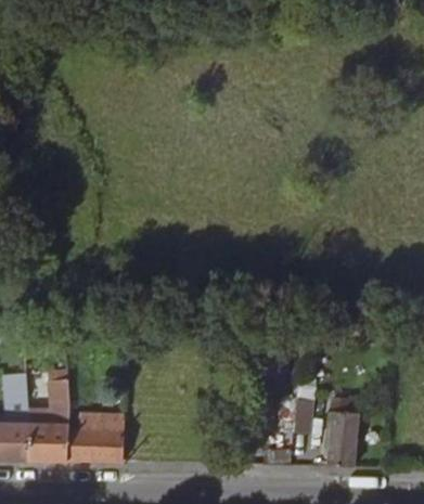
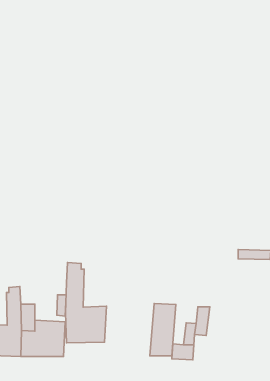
building: none -> [65,263,106,343]
building: [326,400,360,467] -> [150,304,176,356]

